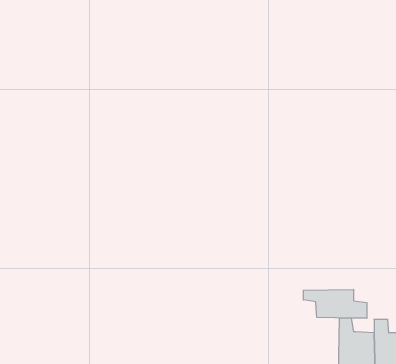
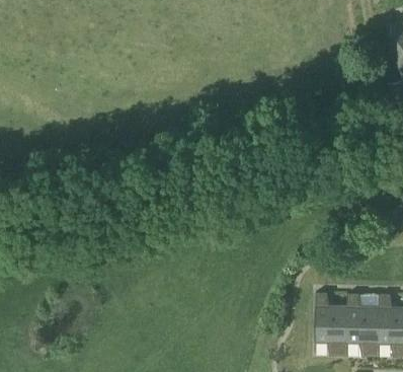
building: [303,289,367,318] -> none

